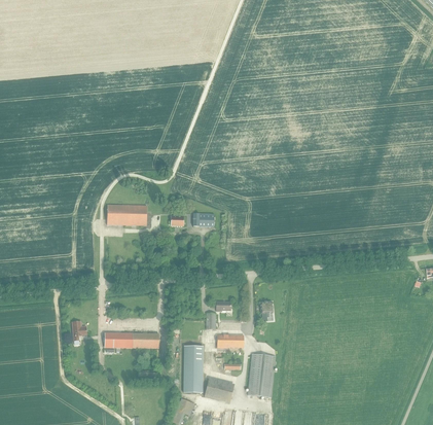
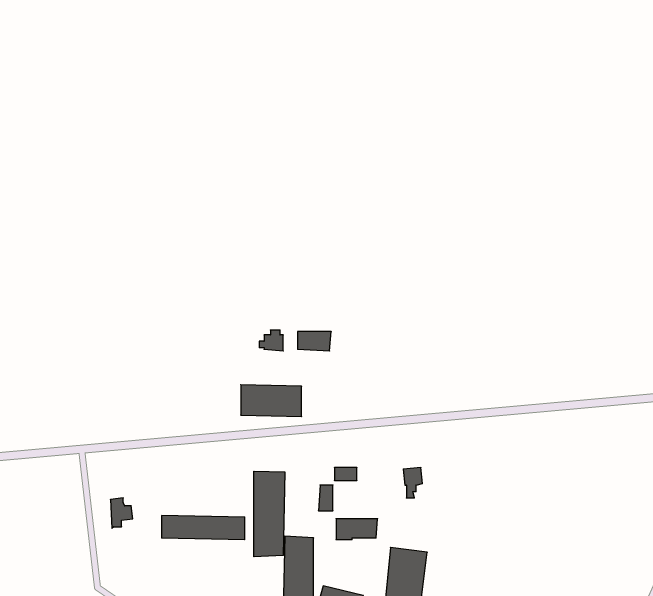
building: [107,205,146,225] -> [241,385,302,417]
building: none -> [254,471,285,557]

